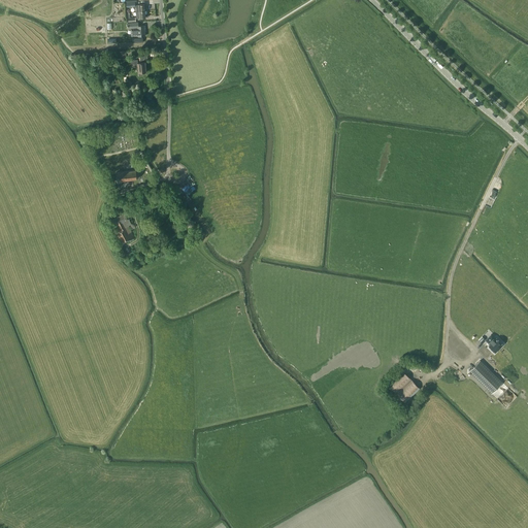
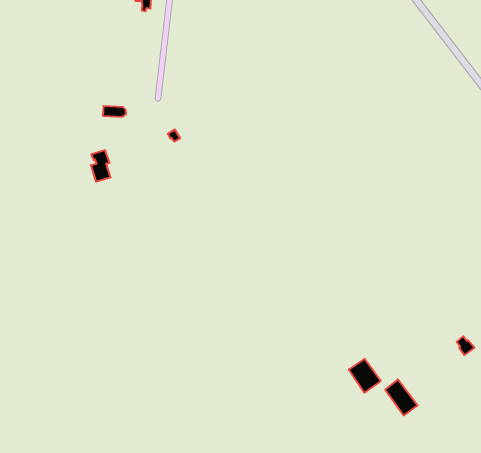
building: [469,361,502,394] -> [385,379,418,415]

